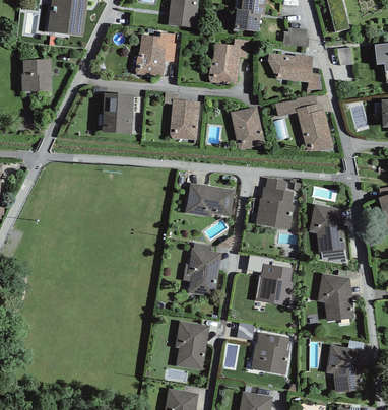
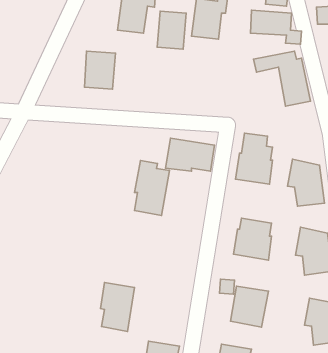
building: [21,59,50,90] -> none
building: [170,99,199,138] -> [157,11,186,49]
building: [230,106,263,148] -> none
building: [186,242,221,297] -> [134,161,170,216]
building: [174,320,208,369] -> [101,283,135,332]

